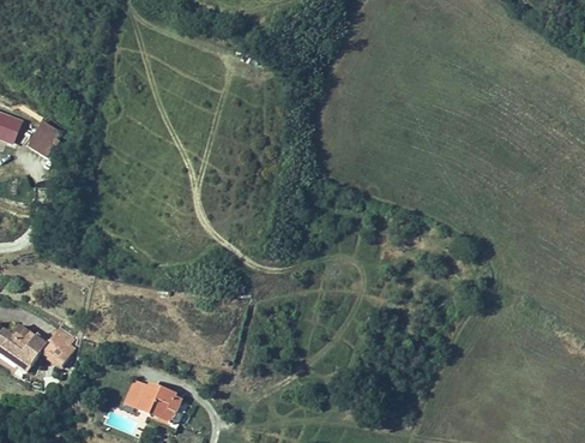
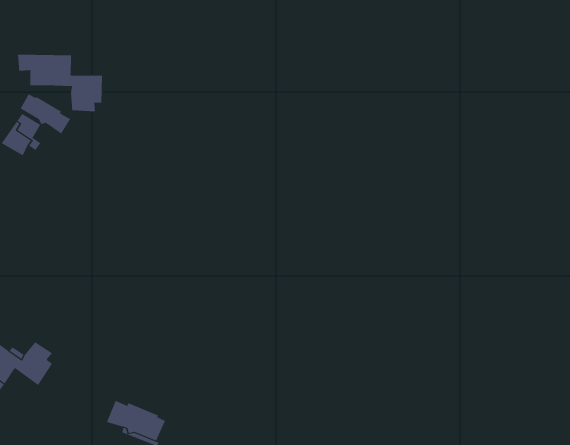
building: none -> [18,54,103,112]
building: none -> [20,94,71,135]

